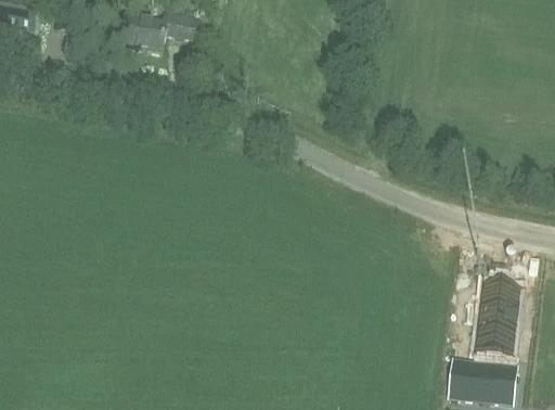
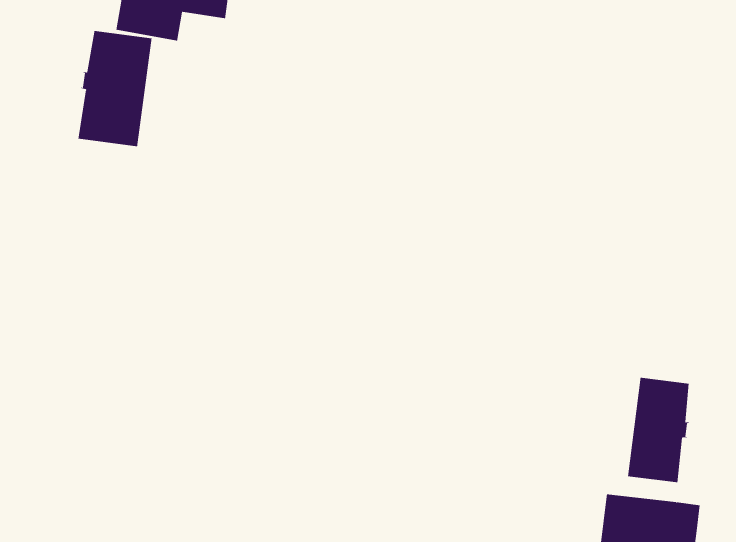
building: none -> [78,30,152,147]

